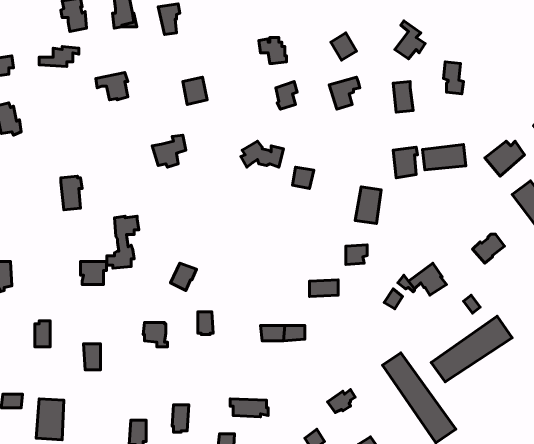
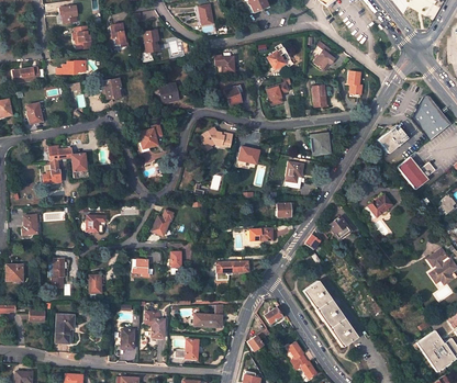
building: [422,144,466,170] -> none
building: [107,216,139,268] -> [44,146,67,183]
building: [431,316,512,382] -> none

